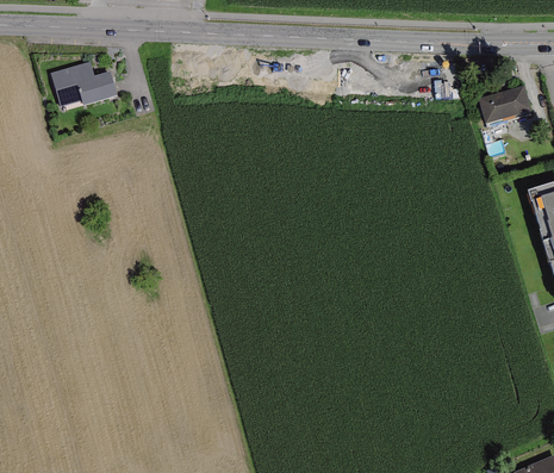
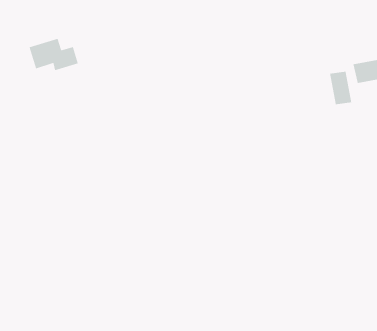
building: none -> [329,71,352,105]

